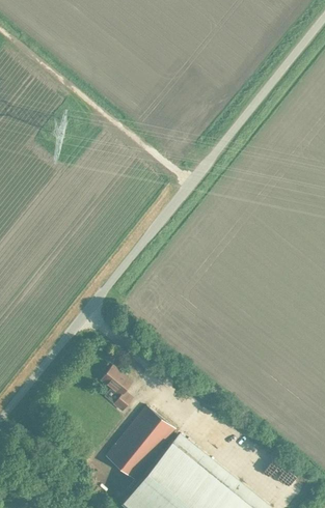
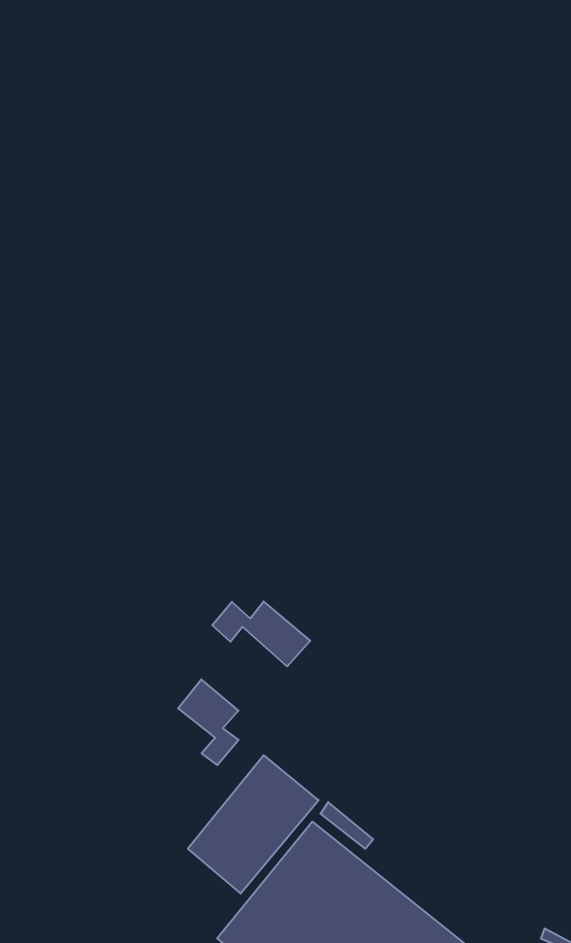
building: none -> [212,601,310,666]

